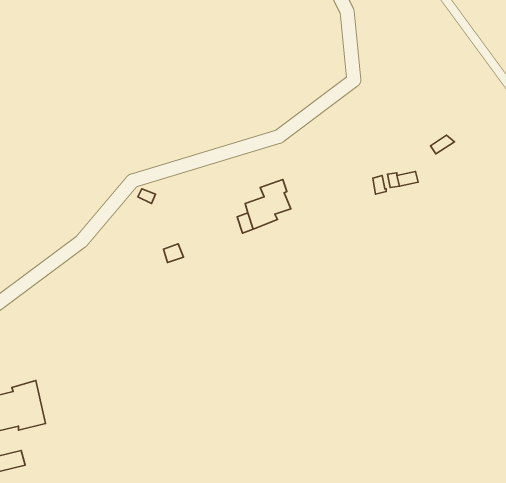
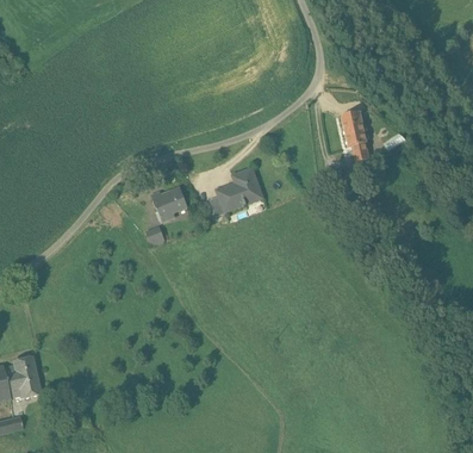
building: none -> [341,111,369,162]
building: none -> [153,188,187,222]

